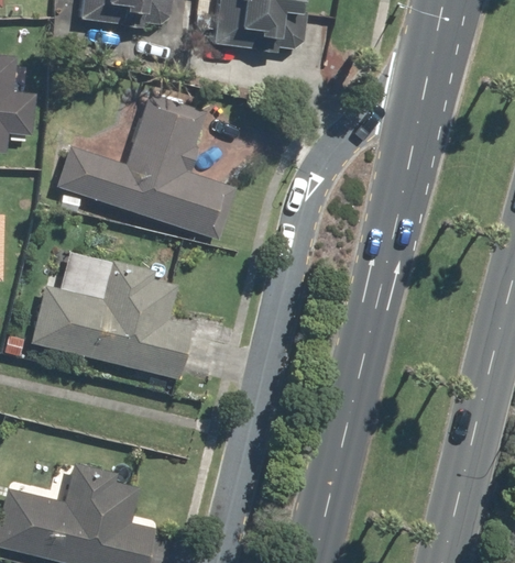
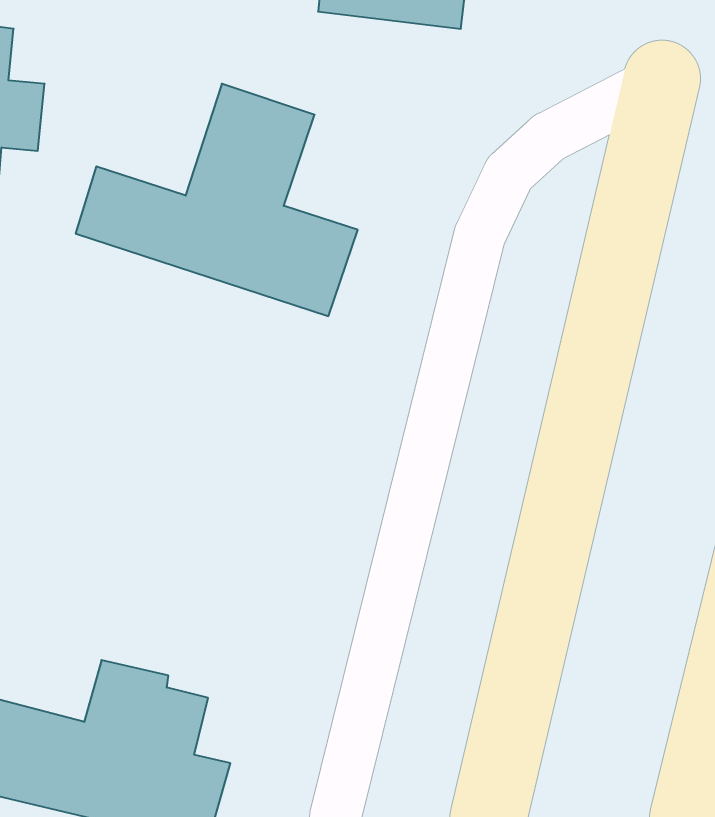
building: [29,247,191,380] -> none

